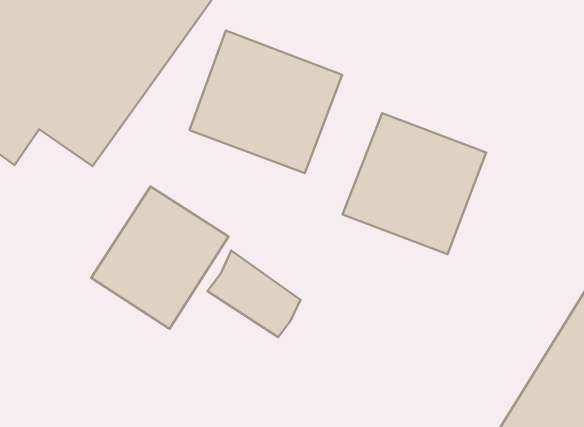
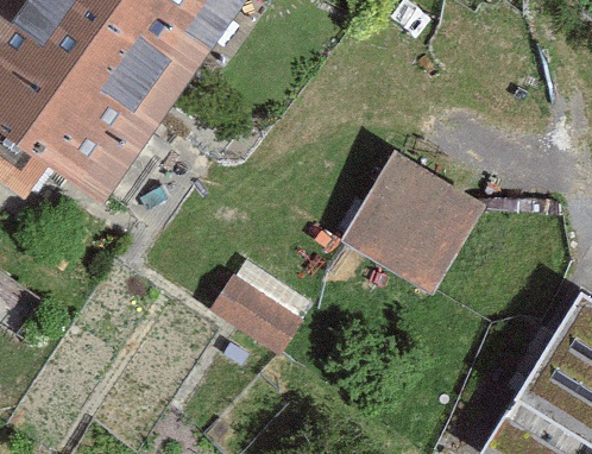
building: [190,31,342,173] -> none
building: [91,186,228,329] -> none

